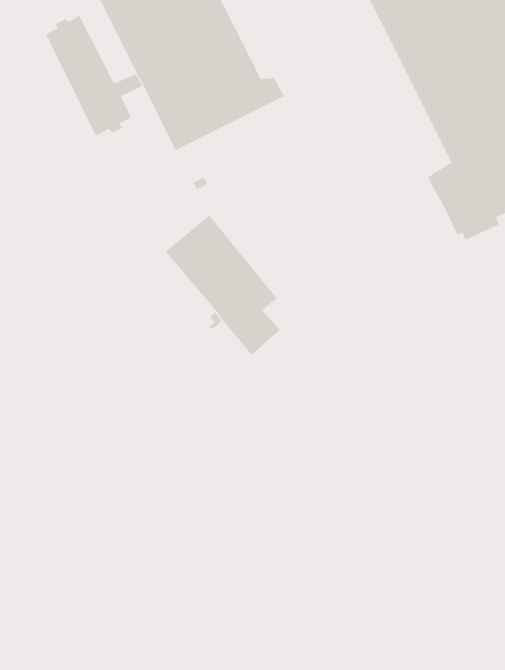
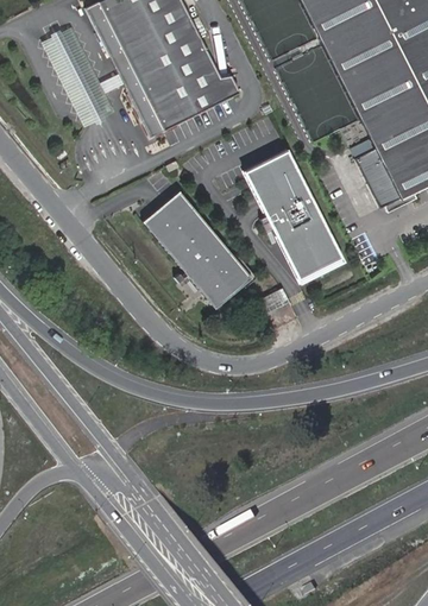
building: none -> [250,145,350,280]
building: none -> [220,255,253,289]

